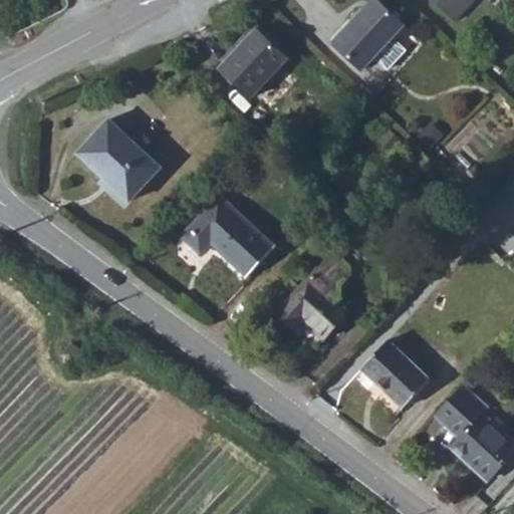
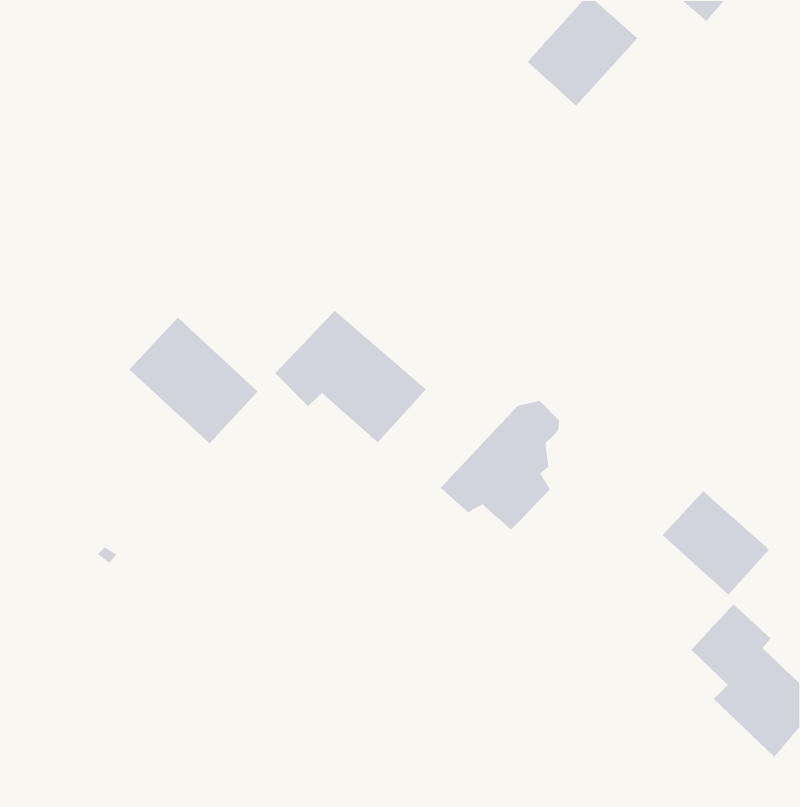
building: [215,27,284,96] -> none
building: [73,120,156,201] -> [128,317,259,444]
building: [362,342,431,409] -> [662,491,770,595]

